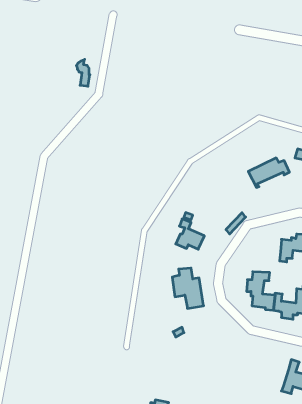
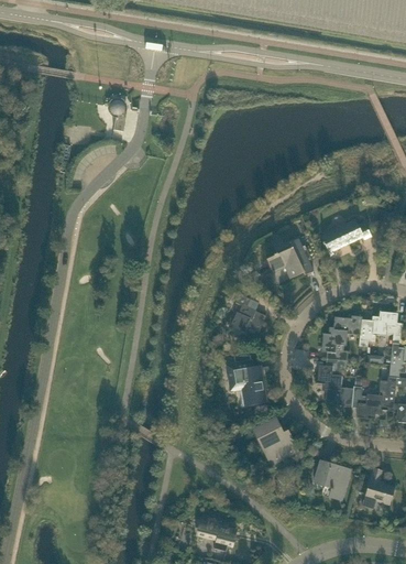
building: none -> [266,238,314,279]
building: none -> [323,315,362,360]
building: none -> [255,421,296,460]
building: none -> [315,457,350,499]

